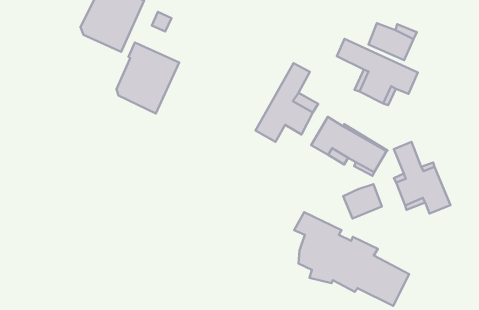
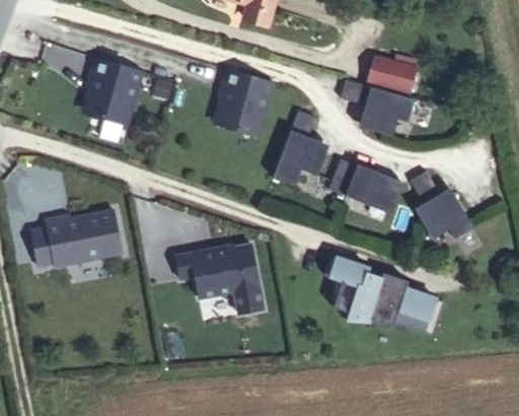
building: [116,42,179,114] -> [216,68,274,135]
building: none -> [30,209,123,265]
building: [343,184,382,219] -> none
building: none -> [175,244,264,314]

